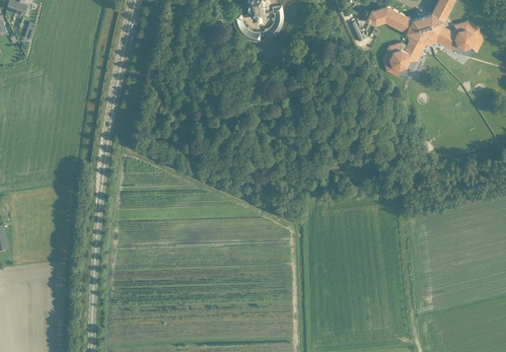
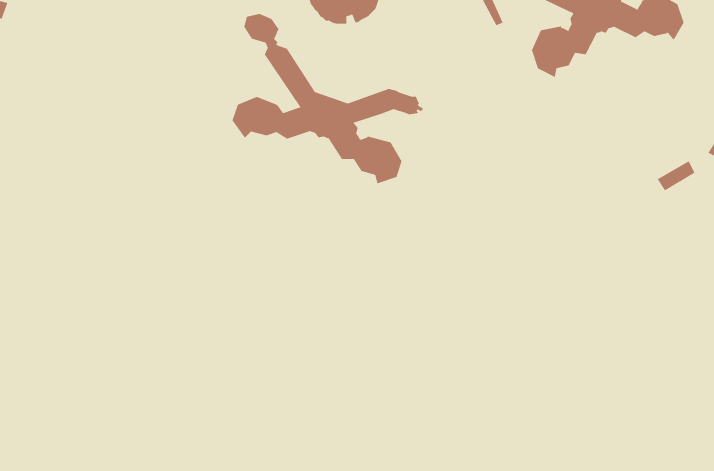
building: none -> [232,13,424,184]

